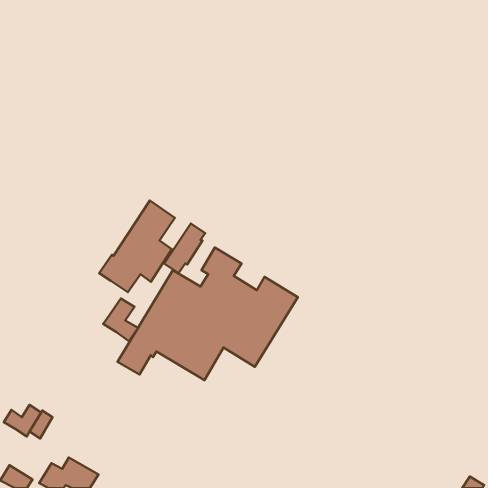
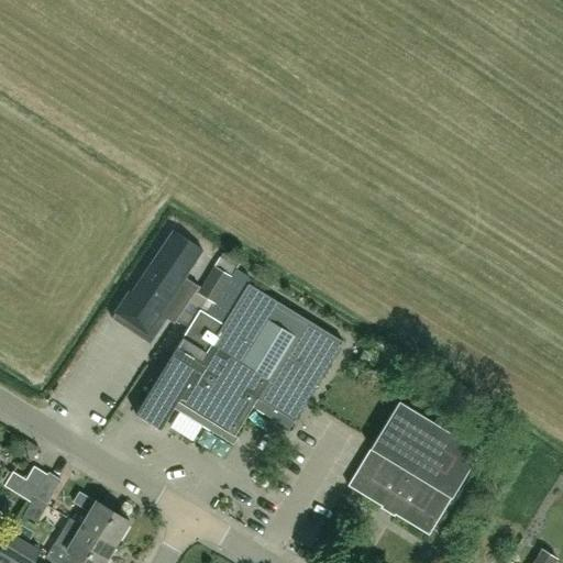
building: [103,299,138,341] -> none
building: none -> [350,404,481,537]
building: none -> [73,493,129,547]

